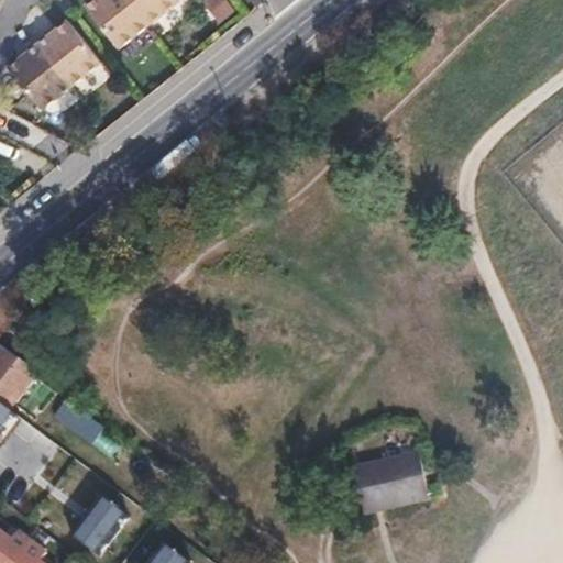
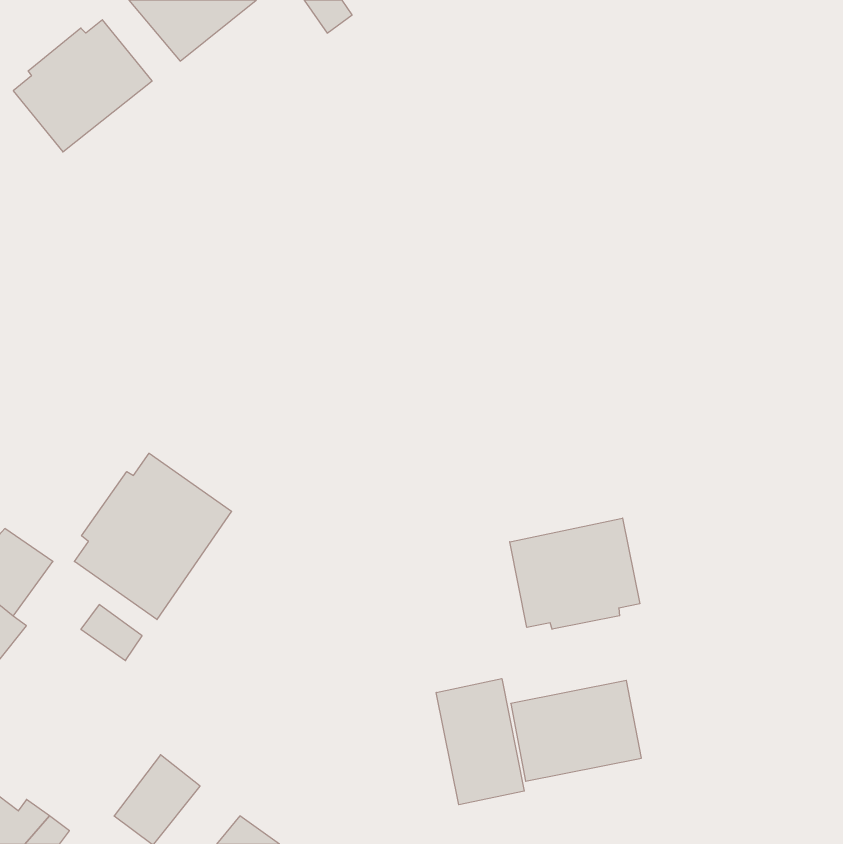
building: none -> [74,453,232,620]
building: none -> [510,518,640,629]
building: none -> [436,679,524,805]

